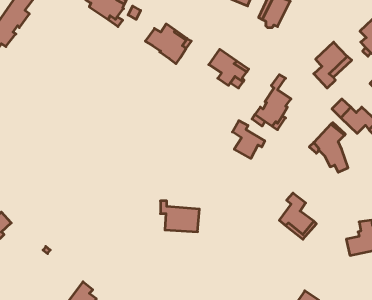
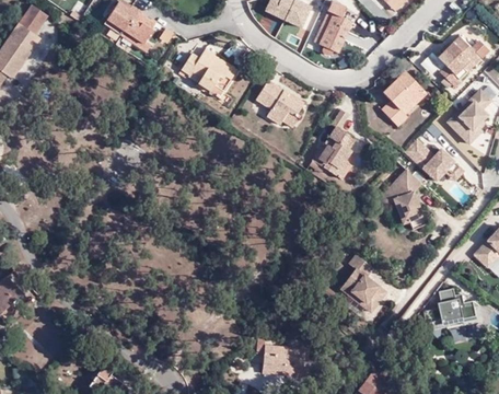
building: [232,121,265,158] -> none
building: [160,201,199,232] -> [254,337,301,374]

